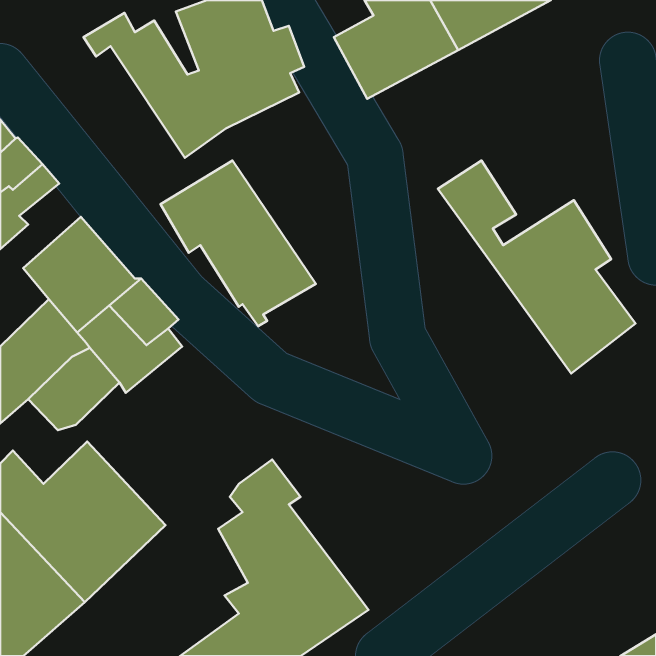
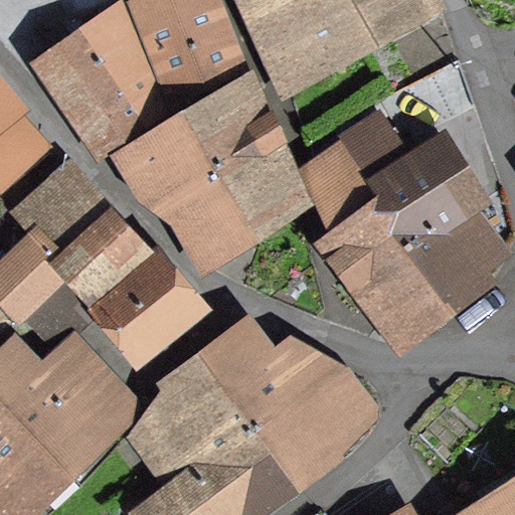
building: none -> [43,36,145,153]
building: none -> [182,87,296,222]
building: none -> [312,148,448,337]
building: none -> [99,261,203,357]
building: none -> [213,333,376,478]

